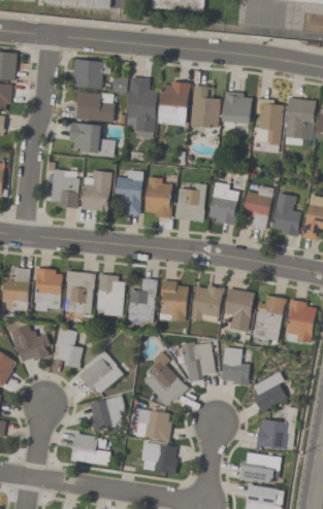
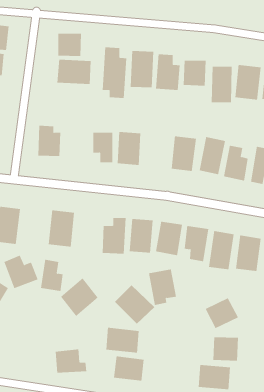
building: [68,122,115,158] -> none
building: [83,171,110,211] -> none
building: [175,182,206,222] -> none
building: [33,268,62,312] -> none
building: [95,274,125,316] -> none
building: [222,349,248,383] -> none
building: [89,397,125,430] -> none

